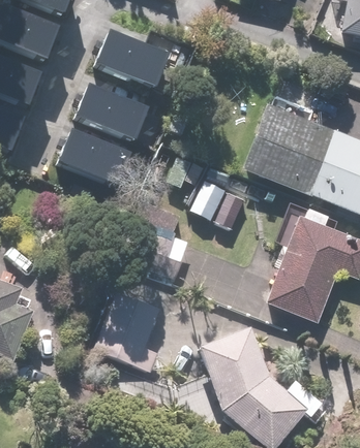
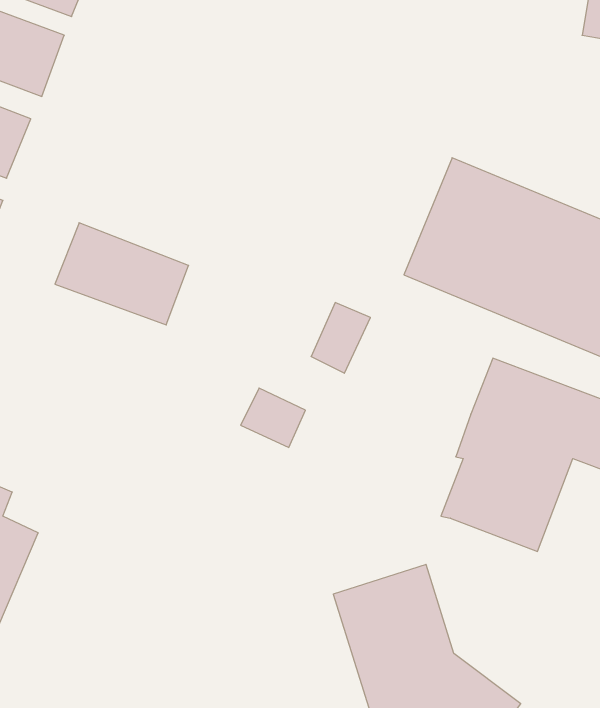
building: [86,35,160,92] -> none
building: [68,91,143,148] -> none
building: [94,289,162,371] -> none

